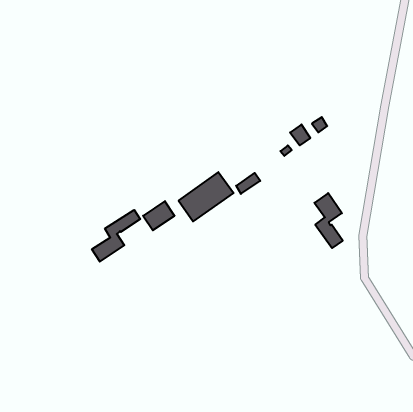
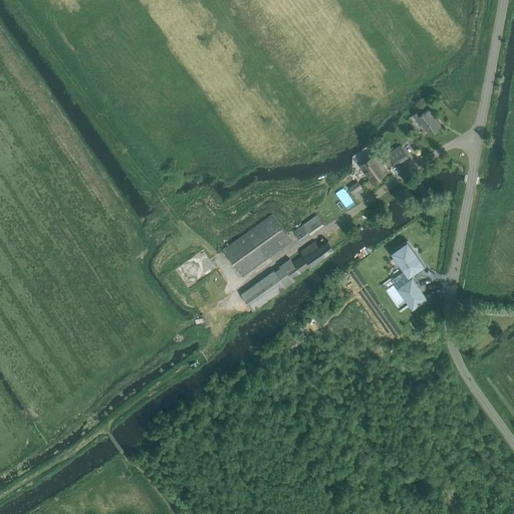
building: none -> [413,108,441,135]
building: none -> [240,241,334,311]
building: [92,210,140,262] -> none

